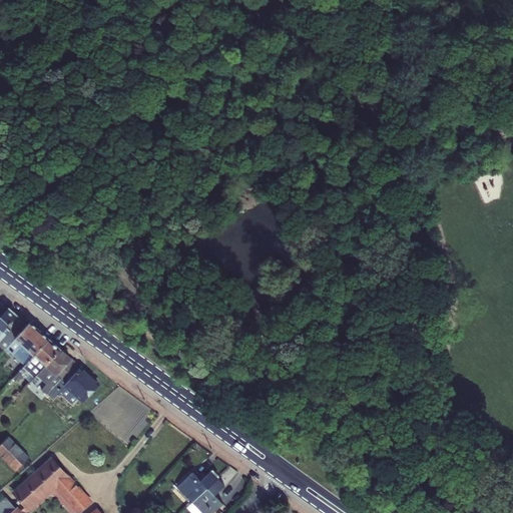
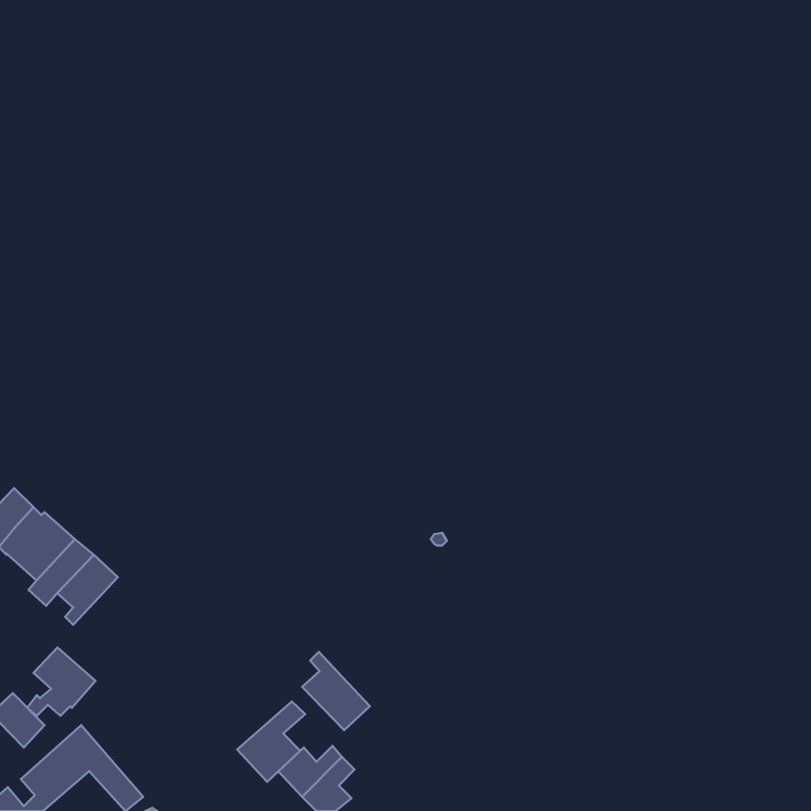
building: [55,364,98,407] -> [27,647,96,716]
building: none -> [302,652,370,730]
building: none -> [237,701,305,782]

